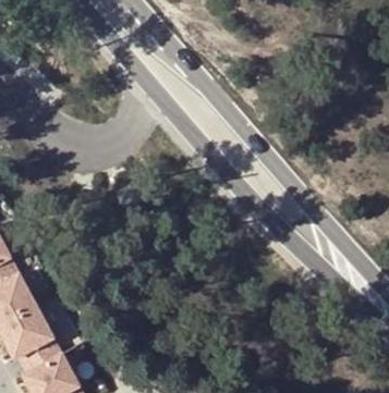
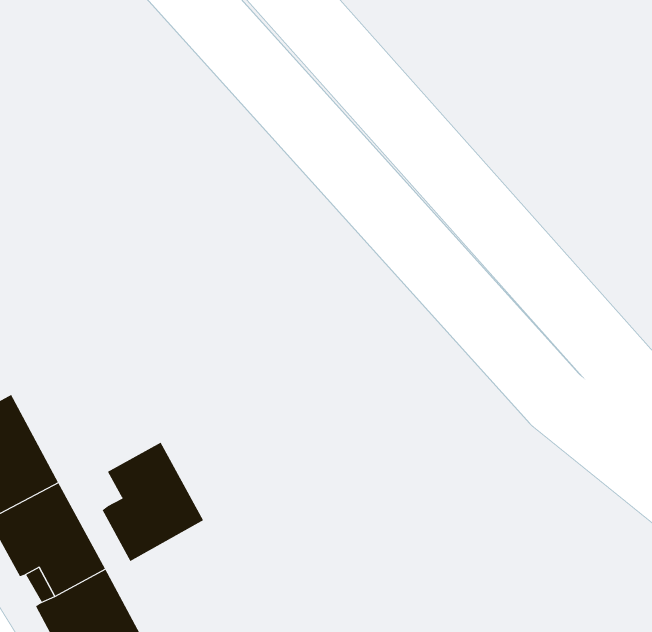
building: none -> [102,442,204,562]

